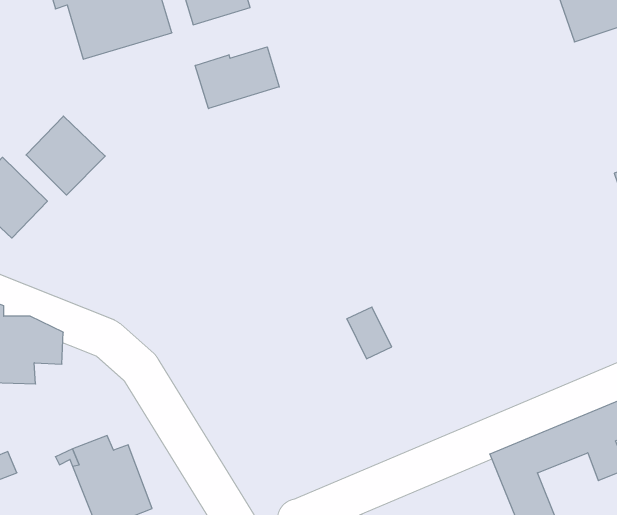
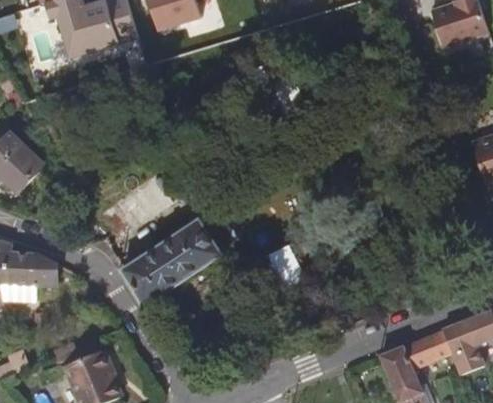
building: [195,47,279,109] -> none
building: [26,116,105,195] -> none
building: none -> [122,219,222,305]

